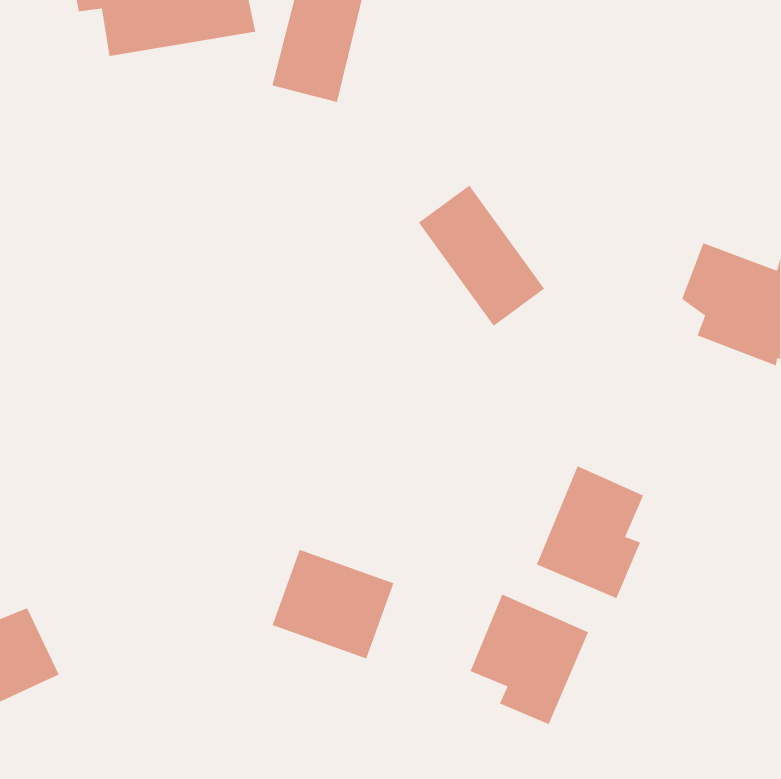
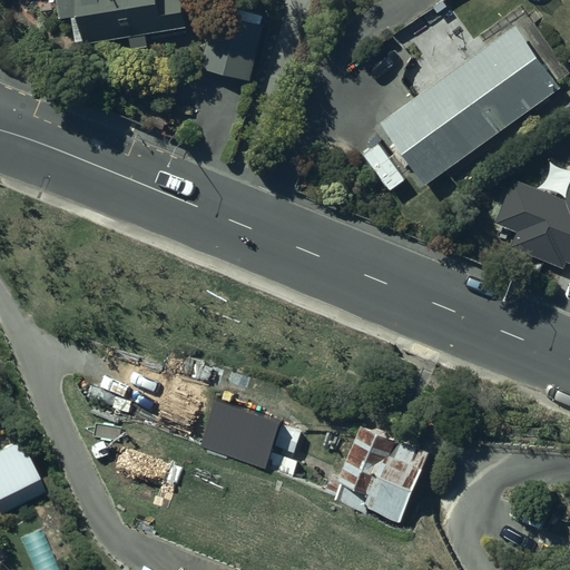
building: none -> [382,27,560,185]
building: [418,185,545,327] -> none
building: [536,465,644,599] -> none

